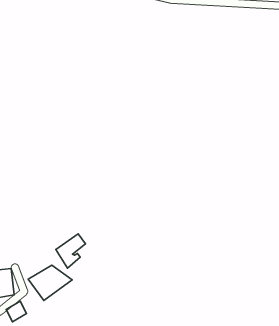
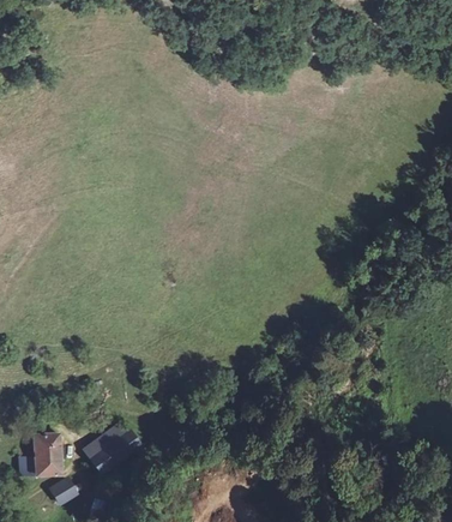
building: [56,234,86,268] -> none

